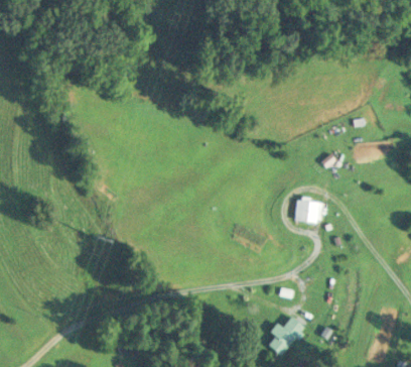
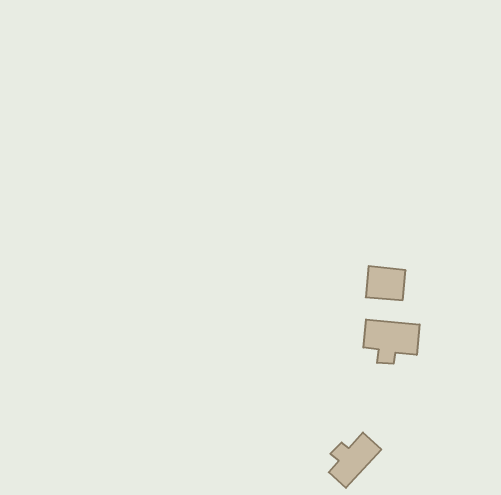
building: none -> [363,319,420,364]

